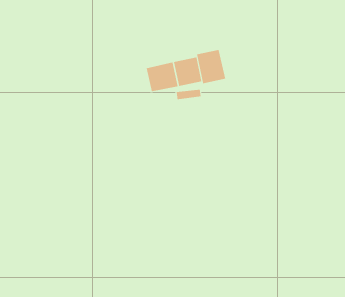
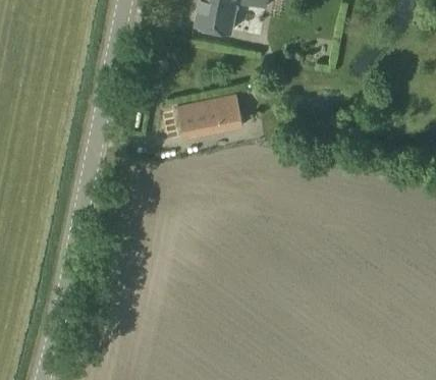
building: [197,49,226,84] -> none

